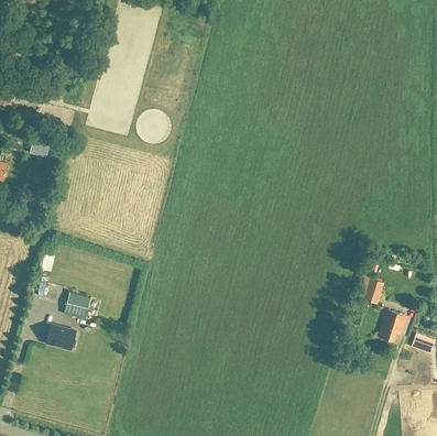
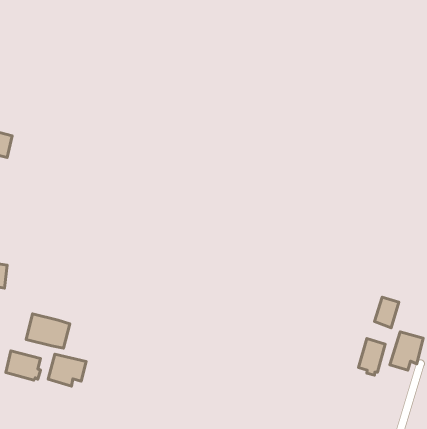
building: none -> [359,338,385,375]
building: none -> [48,354,86,386]

